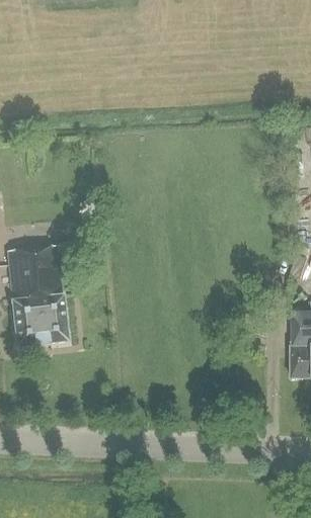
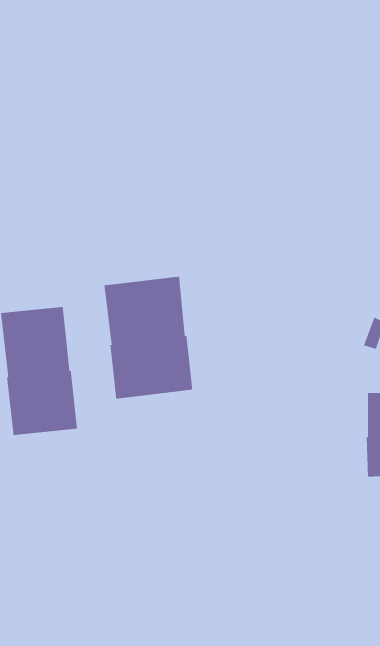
building: none -> [104,276,193,399]

